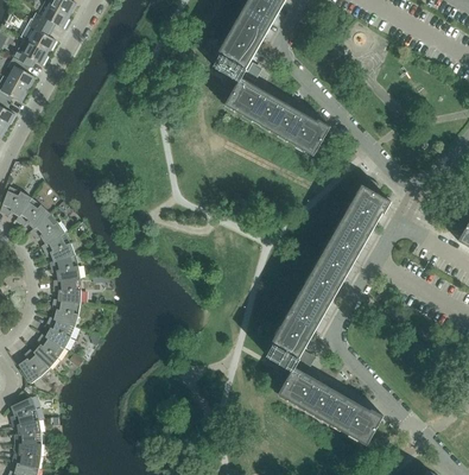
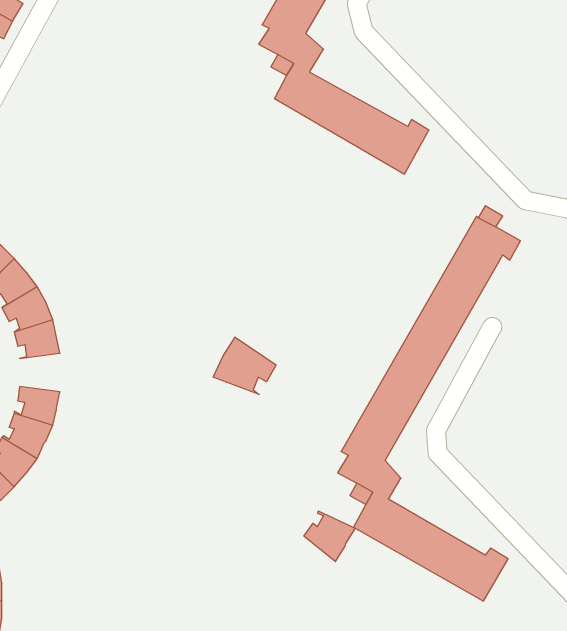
building: none -> [213,337,276,394]
building: [53,277,82,303] -> none
building: none -> [304,511,355,562]

